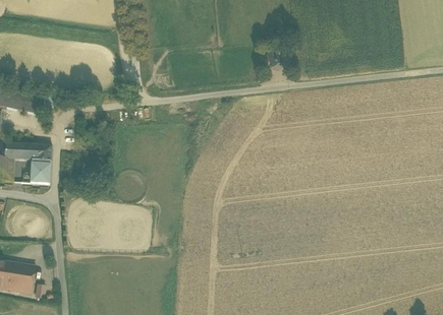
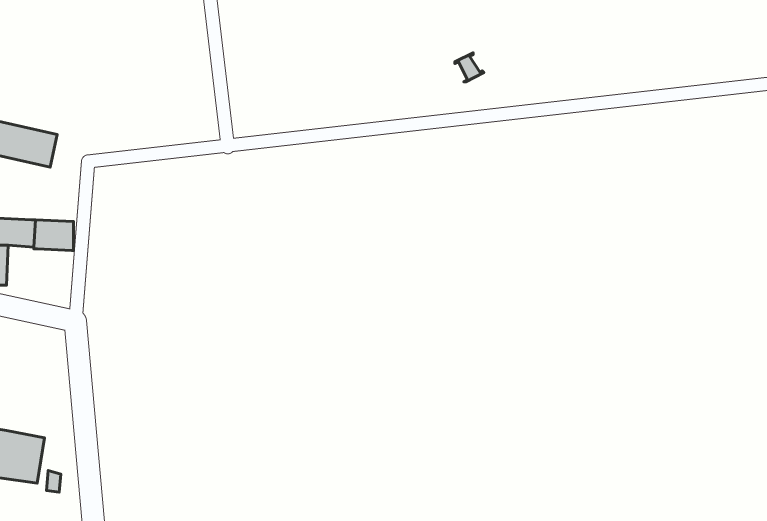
building: [29,164,49,184] -> none

